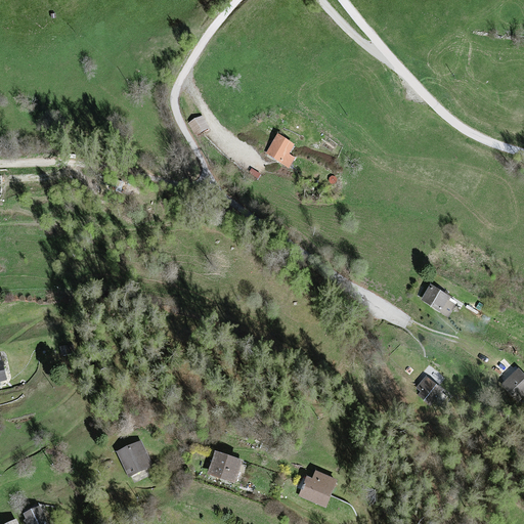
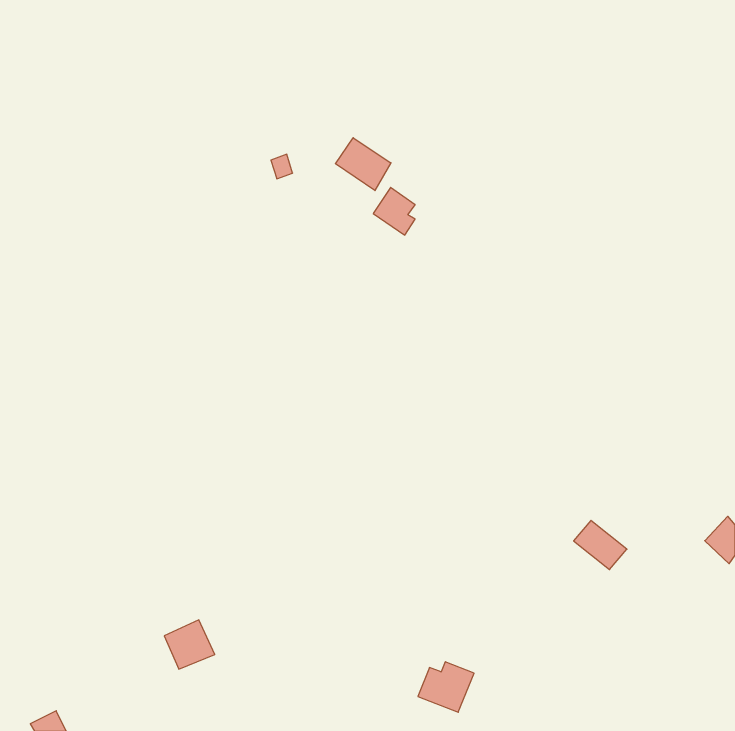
building: none -> [335,138,391,191]
building: [421,283,457,316] -> none
building: [208,451,242,482] -> none

